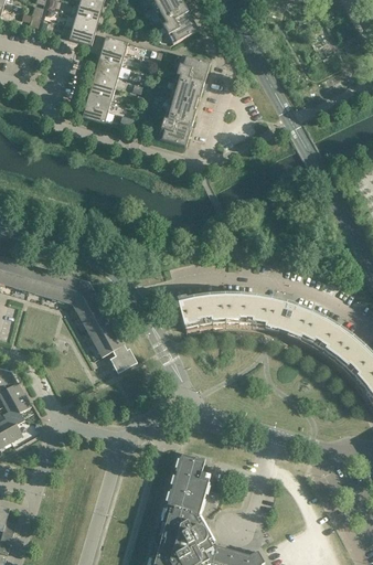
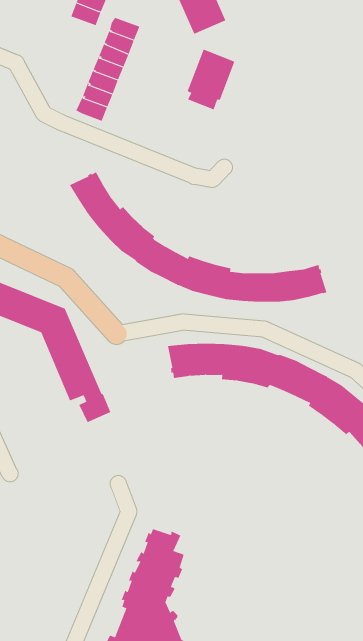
building: [158,97,196,146] -> none
building: none -> [69,172,327,302]

